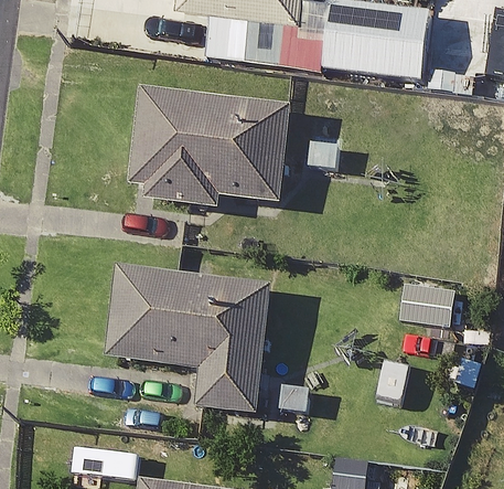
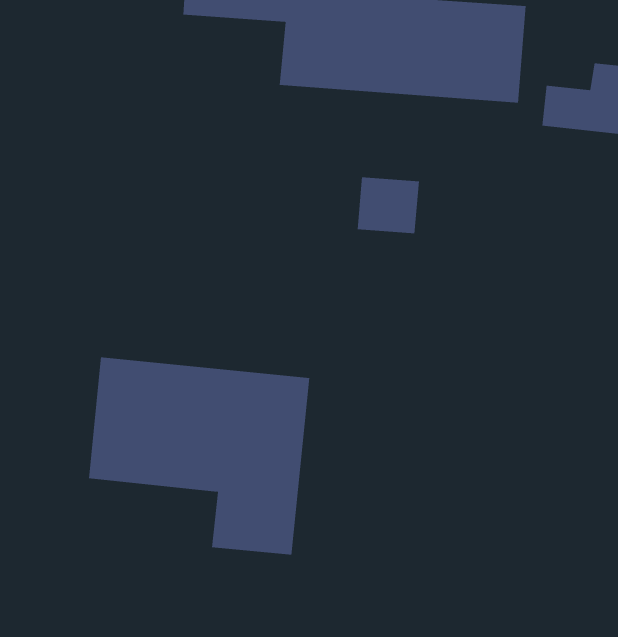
building: [124,85,290,205] -> none

